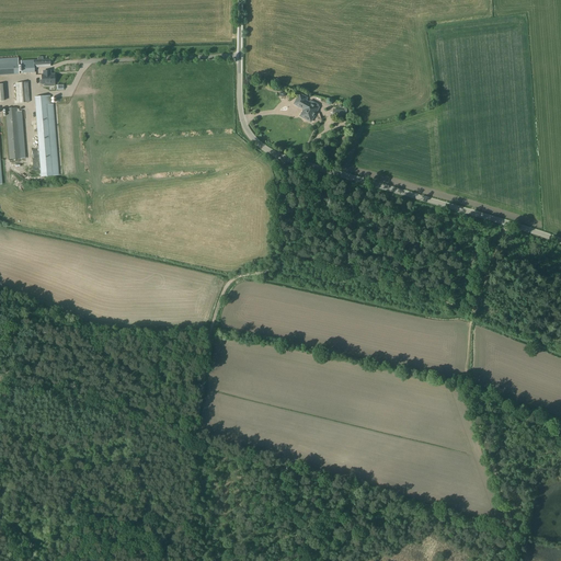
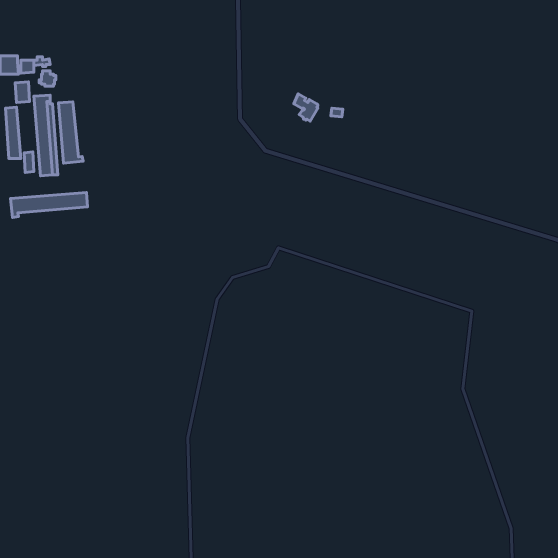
building: none -> [58,102,83,163]
building: none -> [11,193,88,218]

